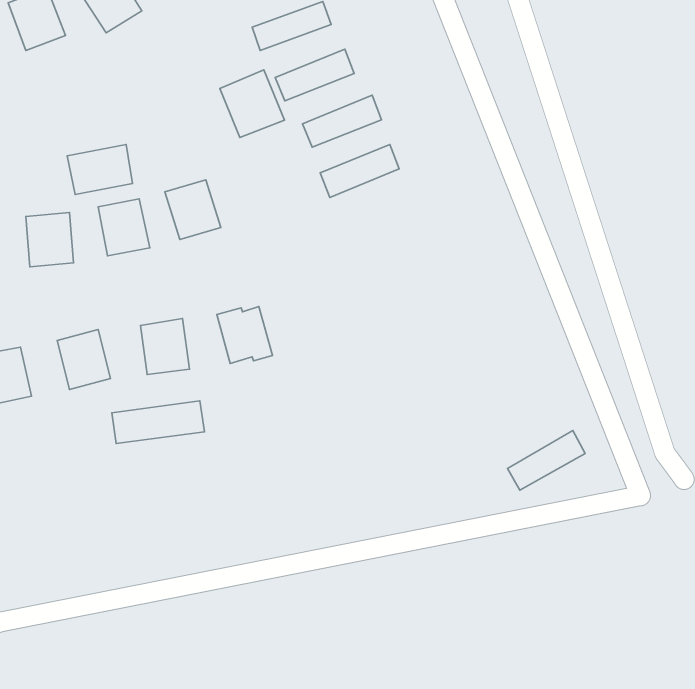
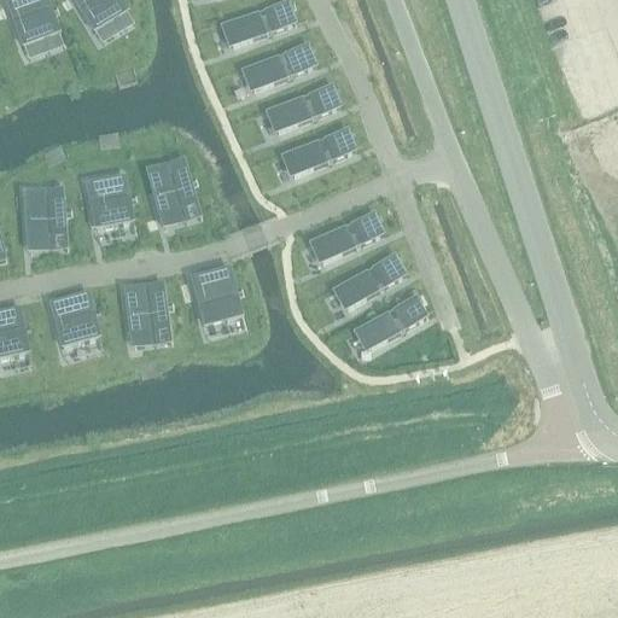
building: [220,70,285,137] -> none
building: [67,144,133,194] -> none
building: none -> [311,212,381,261]
building: none -> [334,255,404,308]
building: [112,401,204,444] -> none
building: [507,430,585,490] -> [356,296,425,349]

